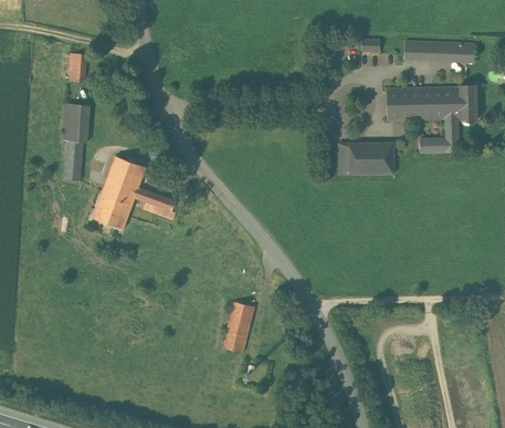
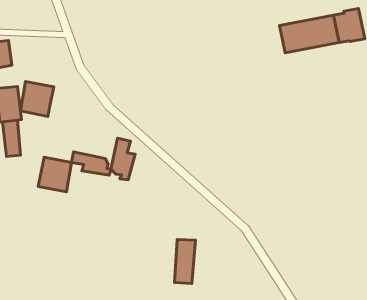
building: [420,116,457,150] -> none
building: [338,140,393,171] -> none
building: [105,154,146,196] -> [20,82,54,116]
building: none -> [111,138,135,180]

